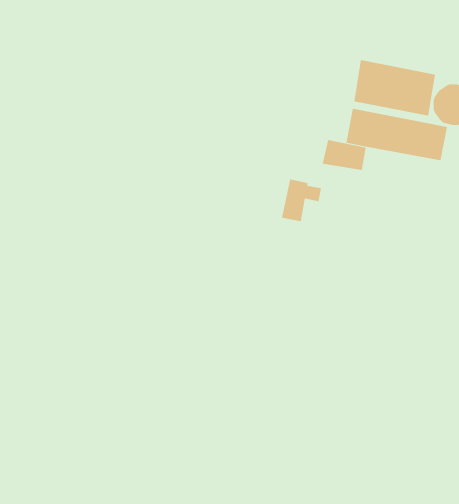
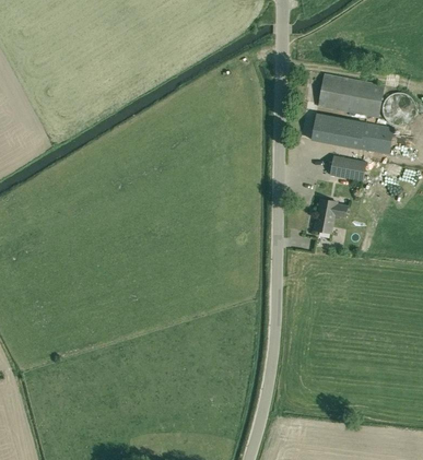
building: [322,139,366,170] -> [329,155,365,180]
building: [281,179,322,222] -> [314,198,346,233]

